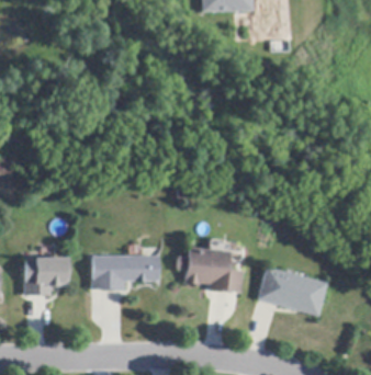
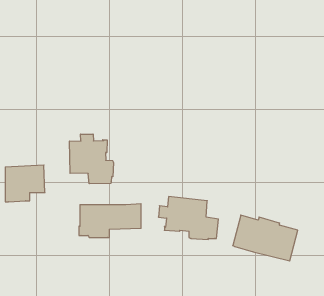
building: none -> [70,134,113,184]
building: [25,257,68,296] -> [5,165,45,202]

